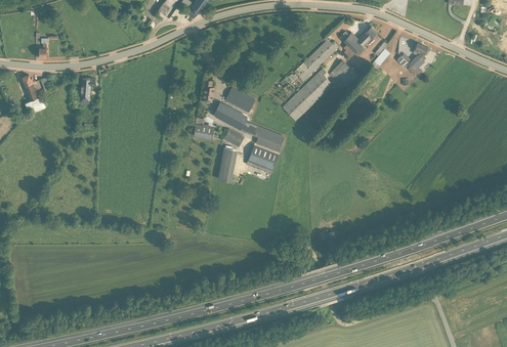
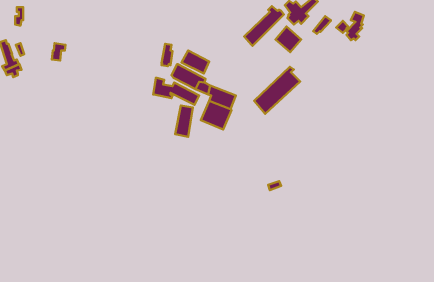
building: [282,69,333,121] -> [254,67,300,114]

